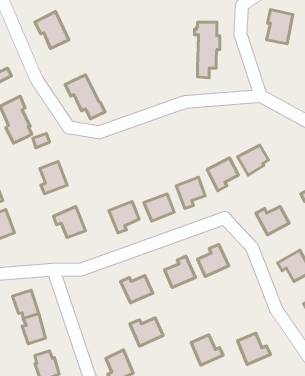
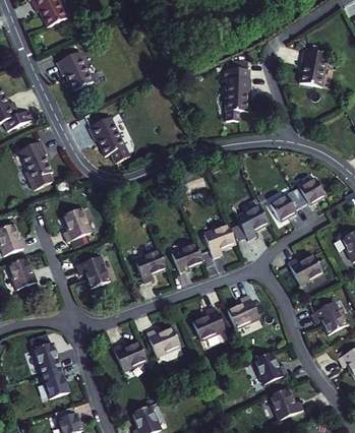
building: none -> [292,177,326,205]
building: [130,318,163,346] -> [113,341,147,370]
building: [191,335,223,365] -> [253,351,287,382]

